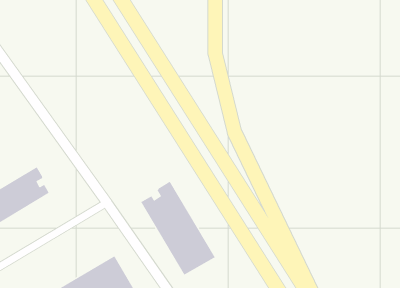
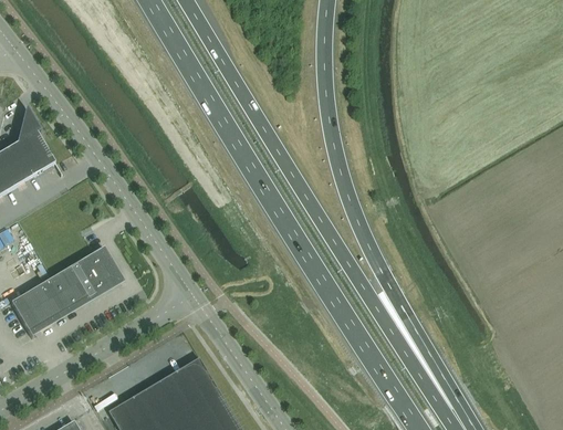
building: [141,181,215,277] -> none

